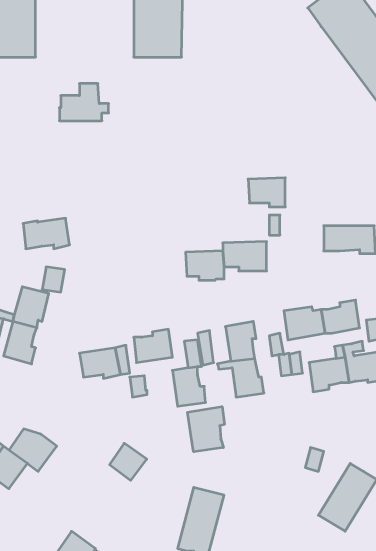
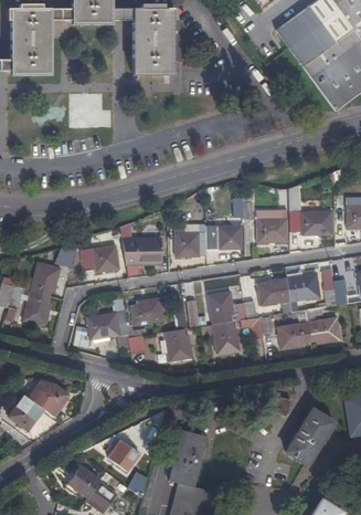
building: [248,178,285,207] -> [256,218,287,242]
building: [23,218,70,249] -> [81,245,119,271]
building: none -> [121,235,161,262]
building: [188,407,224,452] -> none
building: [110,443,147,480] -> [108,440,139,471]

